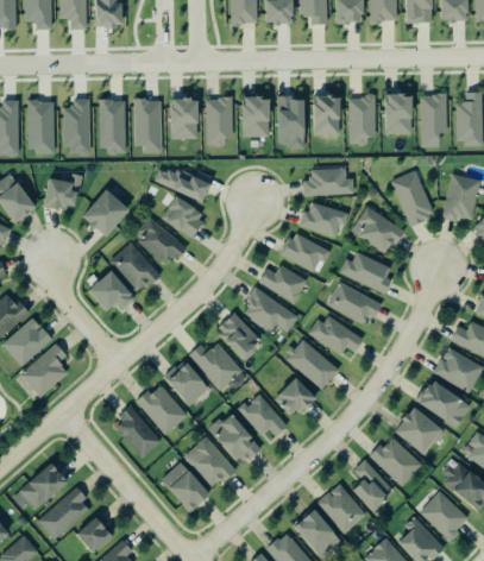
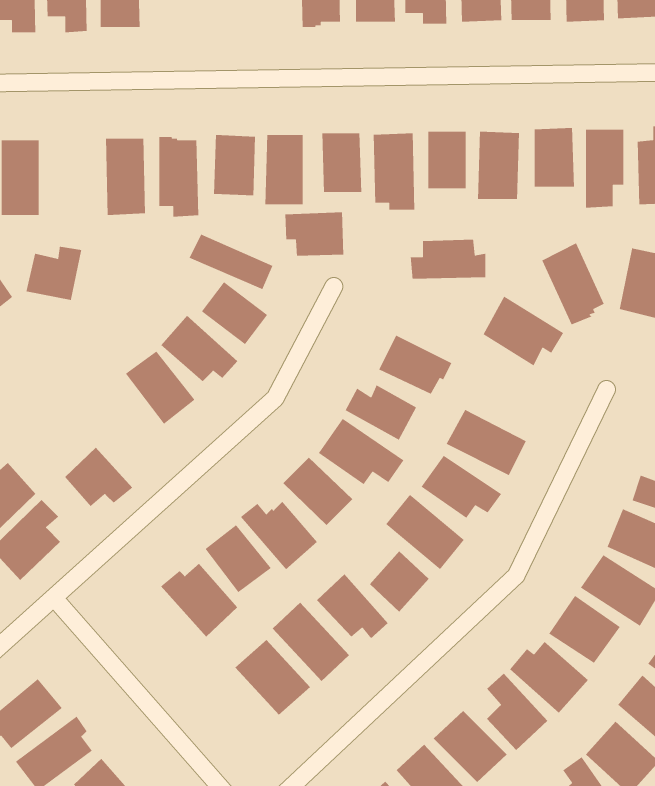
building: [63,99,89,153] -> none
building: none -> [284,211,344,256]
building: [82,189,130,237] -> none
building: [301,201,348,237] -> none
building: [338,251,392,294] -> none
building: [89,270,136,310] -> [64,447,133,507]
building: [112,408,162,458] -> none
building: [162,461,210,510] -> none

